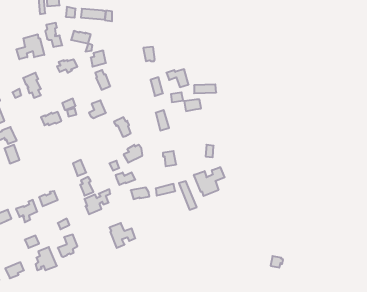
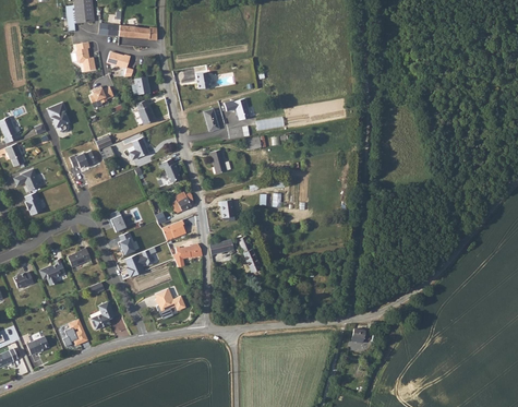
building: [16,34,44,59] -> none
building: [194,167,225,196] -> none

